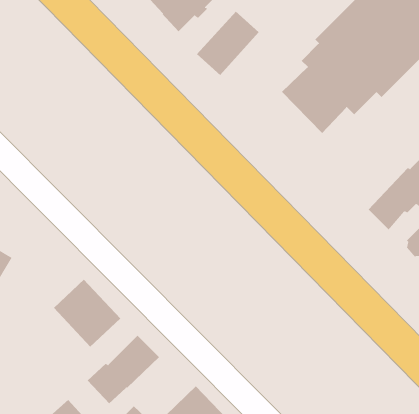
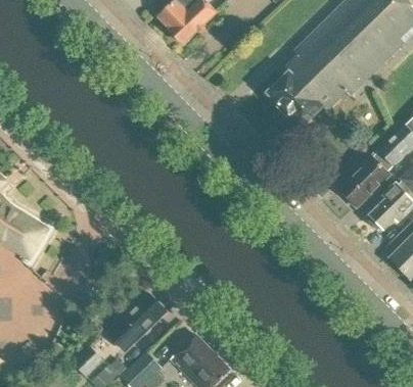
building: [196,11,260,76] -> none
building: [53,279,121,348] -> none

